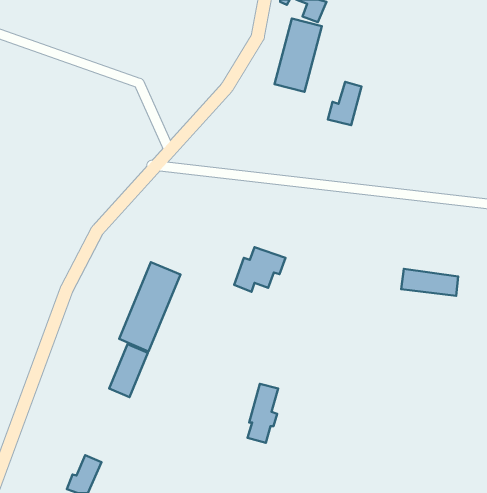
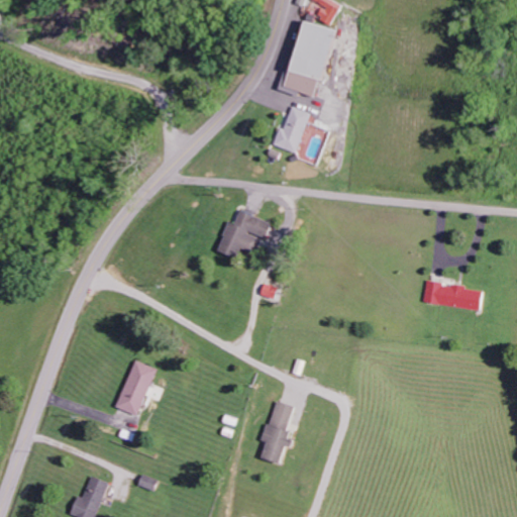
building: [328,82,362,125] -> [273,106,308,151]
building: [234,247,285,292] -> [217,210,271,256]
building: [119,262,180,351] -> none

